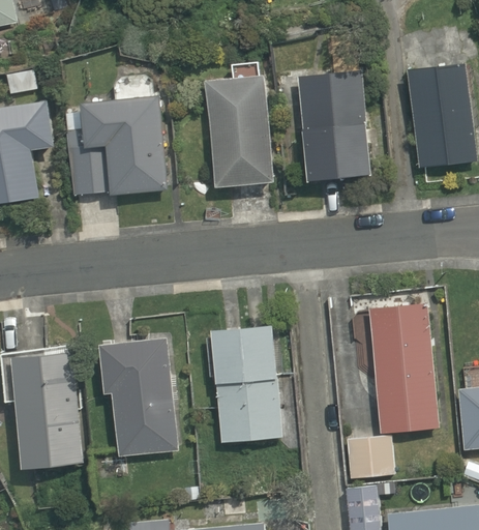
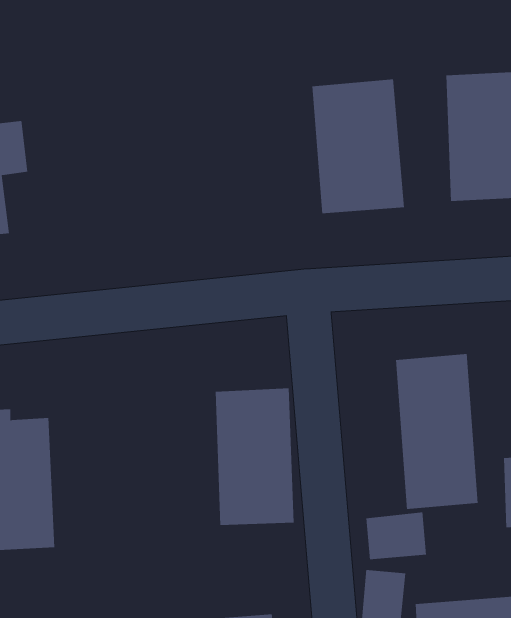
building: [206,77,277,188] -> none
building: [63,93,168,198] -> none
building: [103,342,172,455] -> none

